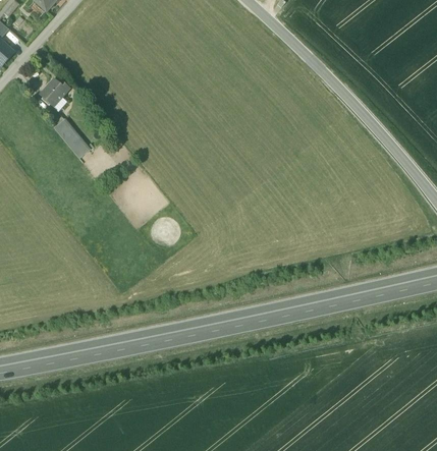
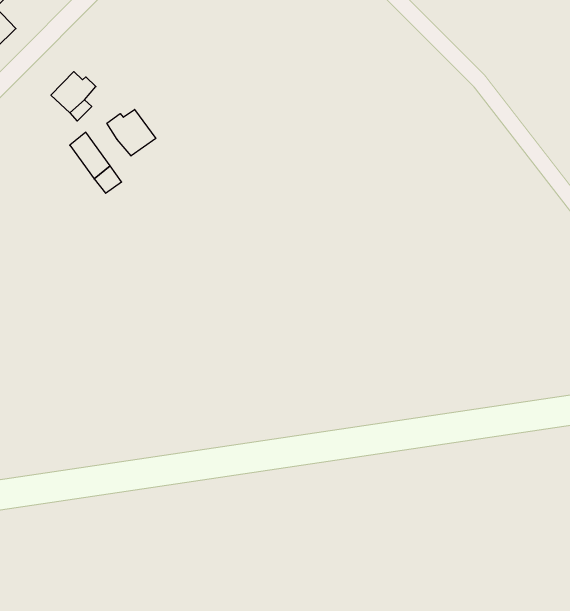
building: none -> [107,109,156,156]

